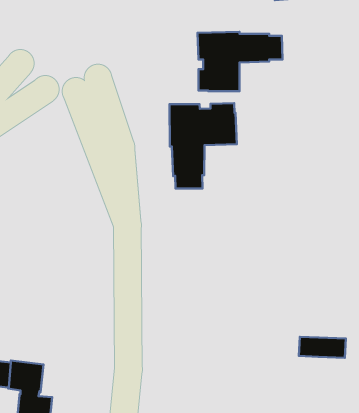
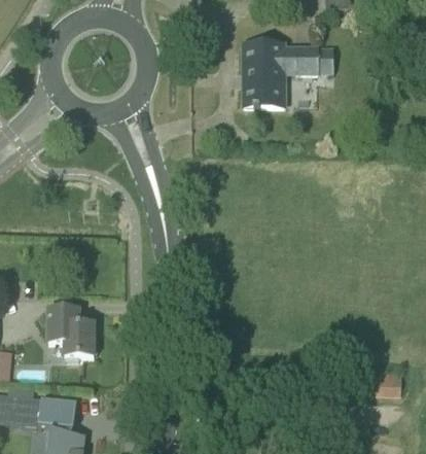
building: [169,103,237,189] -> none
building: none -> [46,309,96,356]

